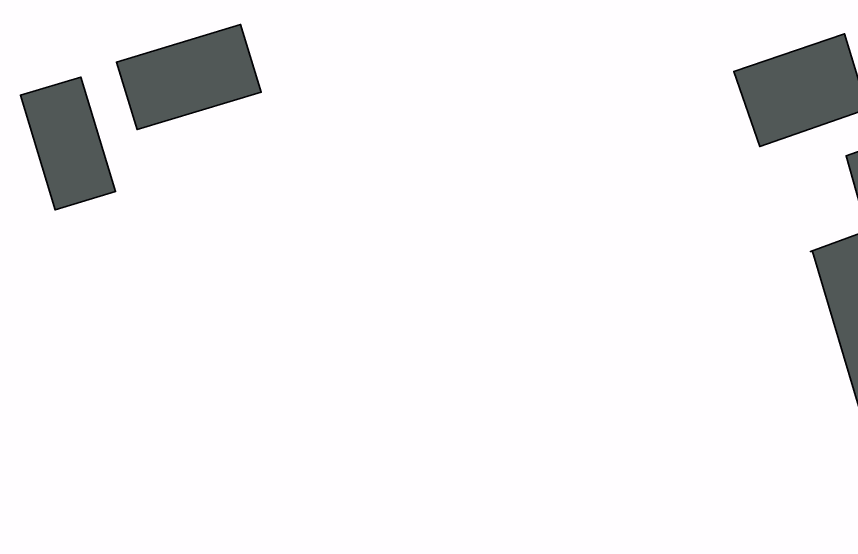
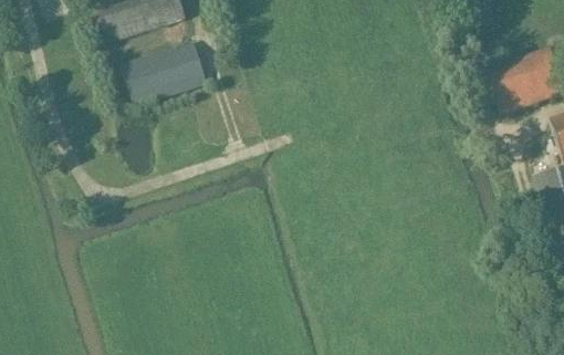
building: [21,77,116,210] -> none

